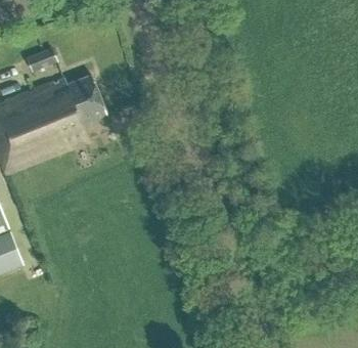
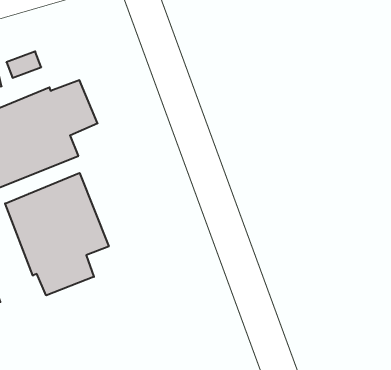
building: none -> [5,173,109,295]

